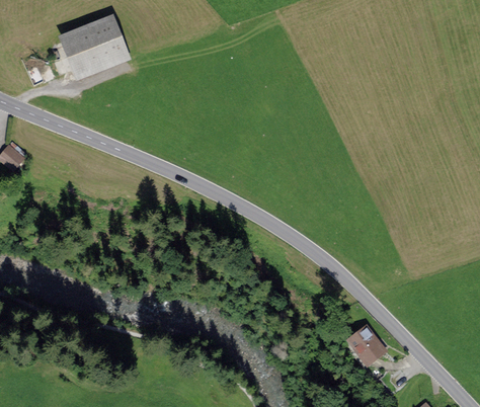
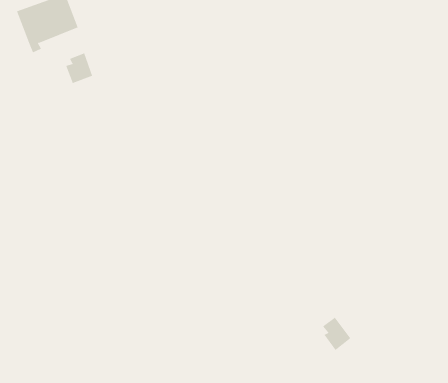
building: none -> [65,53,93,84]

